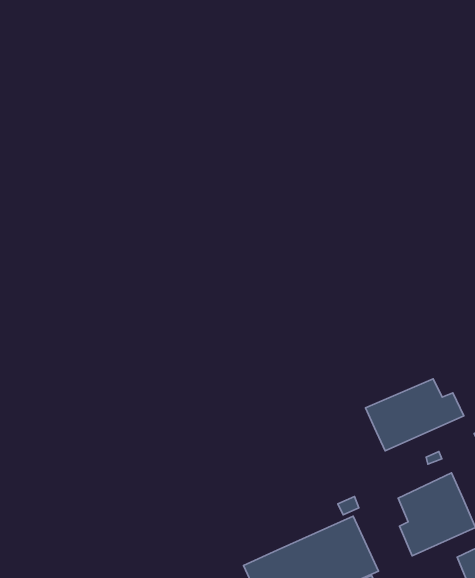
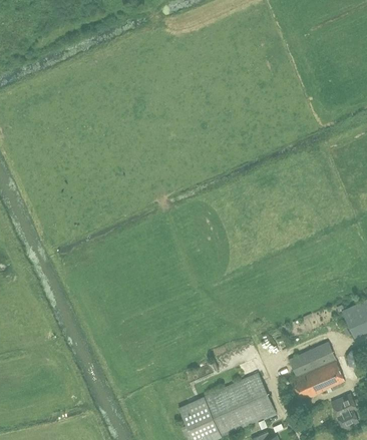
building: [365,379,464,451] -> none

